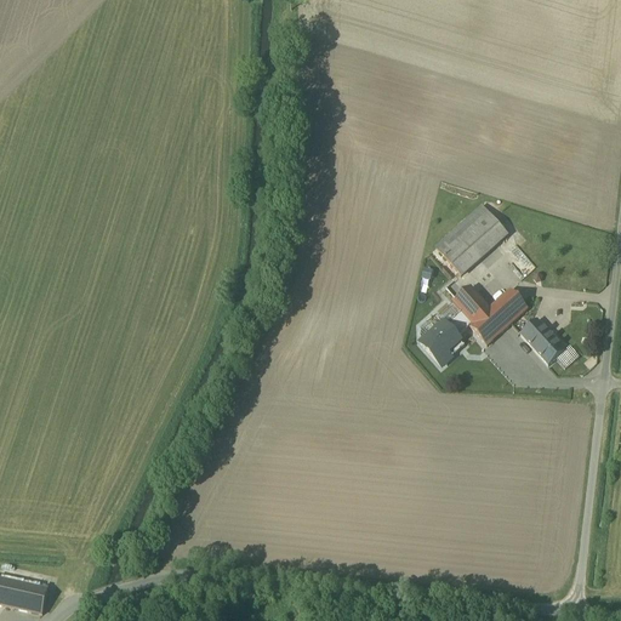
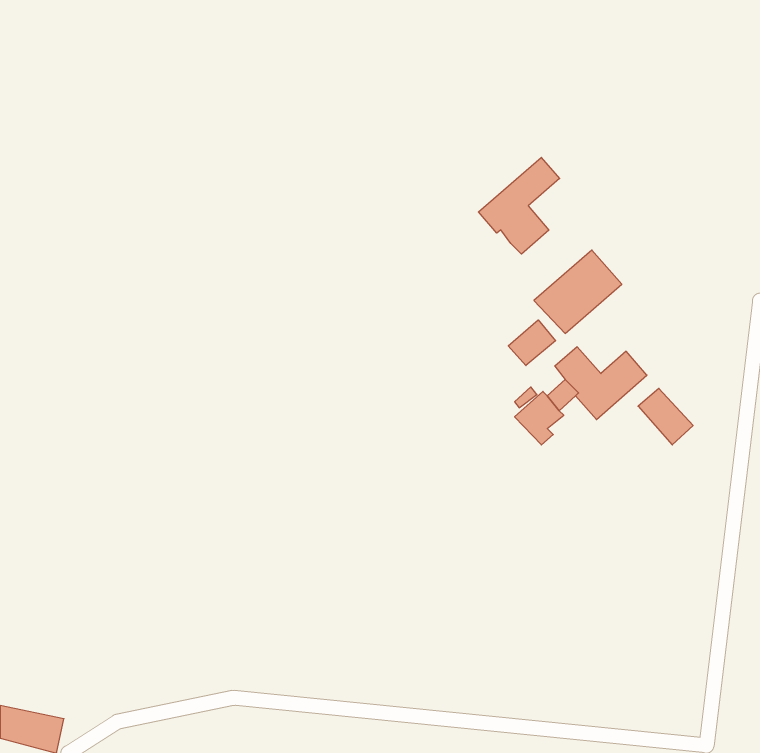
building: none -> [478,157,560,254]
building: none -> [508,320,556,366]

